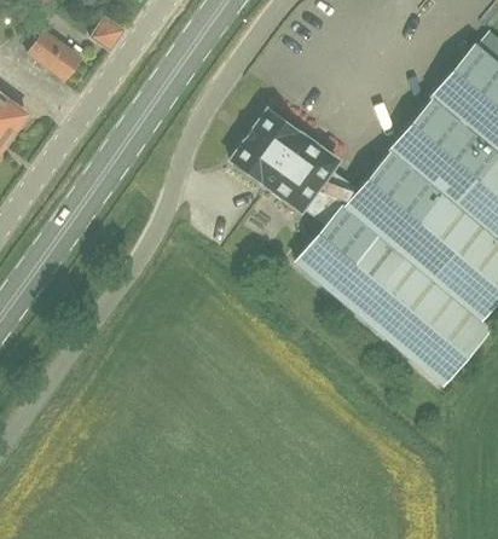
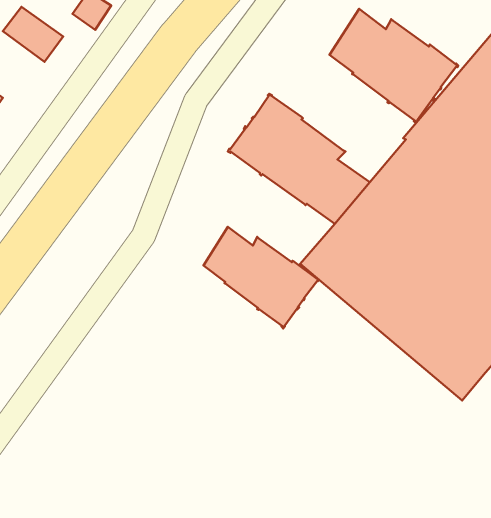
building: none -> [330,9,458,123]
building: none -> [203,227,319,328]

